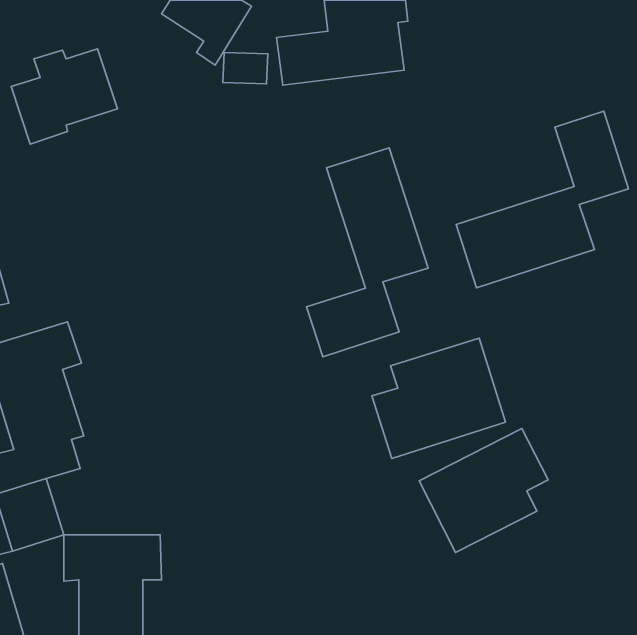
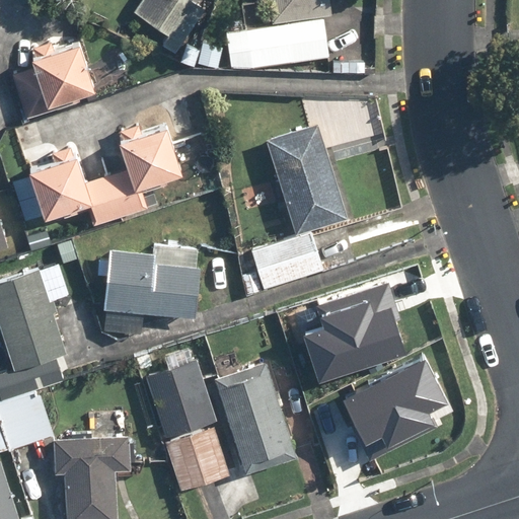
building: [456,111,629,288] -> none
building: none -> [27,126,182,227]
building: none -> [100,249,199,336]
building: none -> [144,362,229,493]
building: none -> [212,363,295,472]

